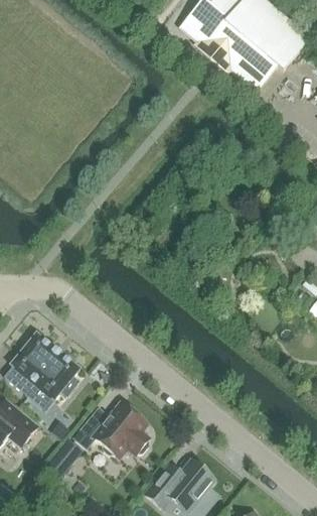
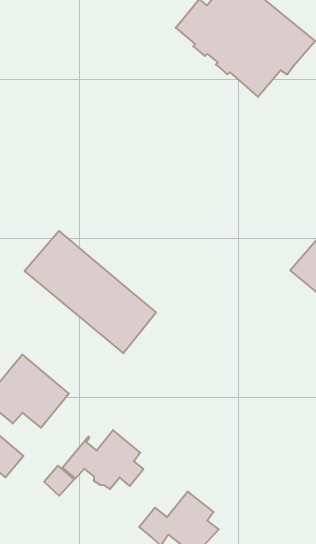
building: none -> [25,231,156,353]

